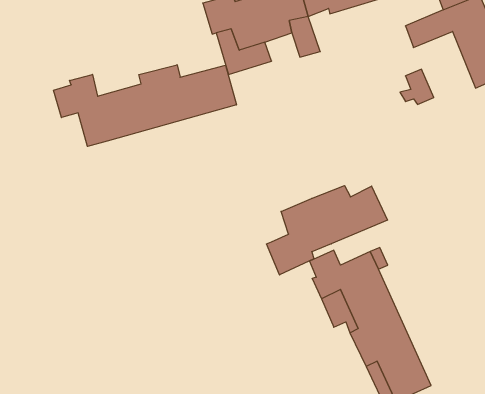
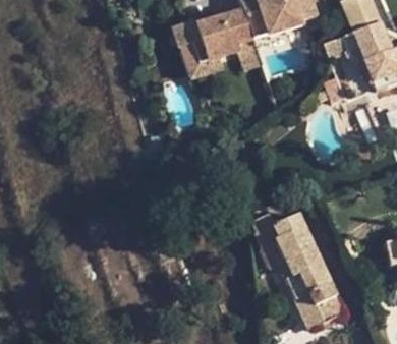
building: [54,65,236,146] -> none
building: [267,186,388,275] -> none

